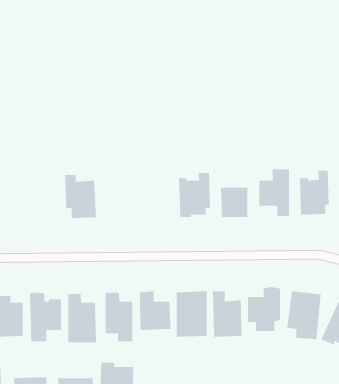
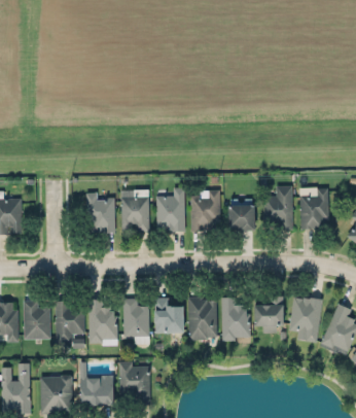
building: none -> [156,186,185,232]
building: none -> [120,190,149,232]

